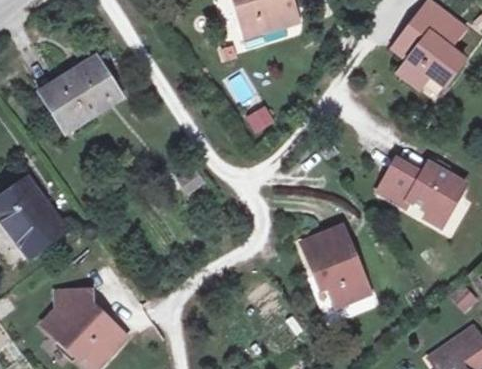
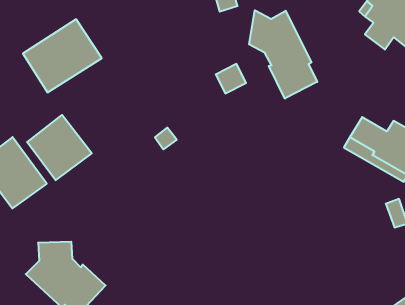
building: none -> [249,10,317,99]
building: none -> [27,115,92,180]
building: [301,225,370,306] -> none

